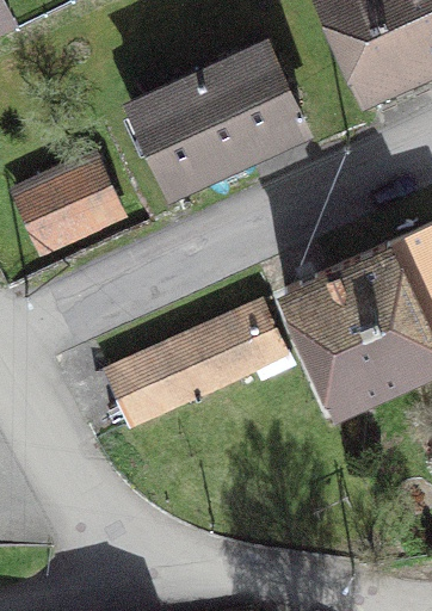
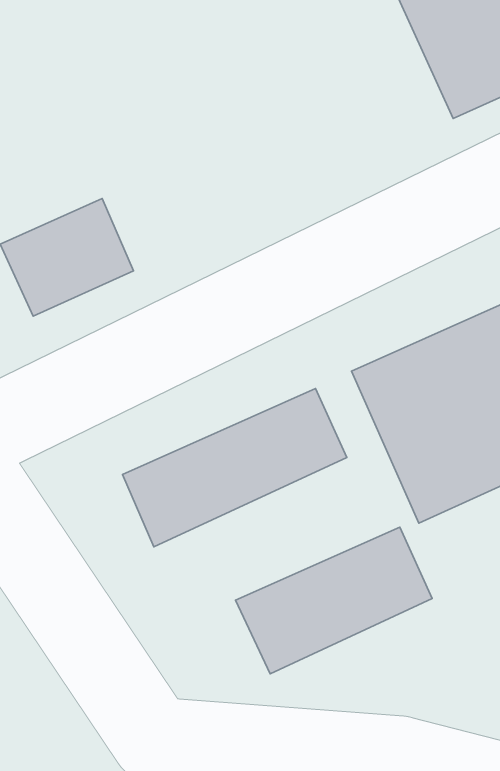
building: [134,44,302,186] -> none
building: none -> [235,527,432,674]

